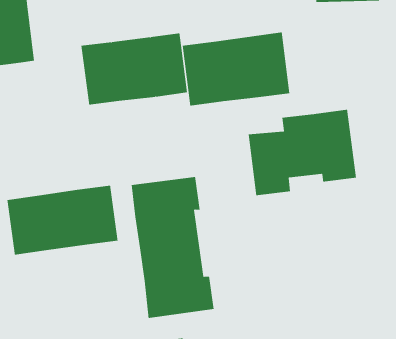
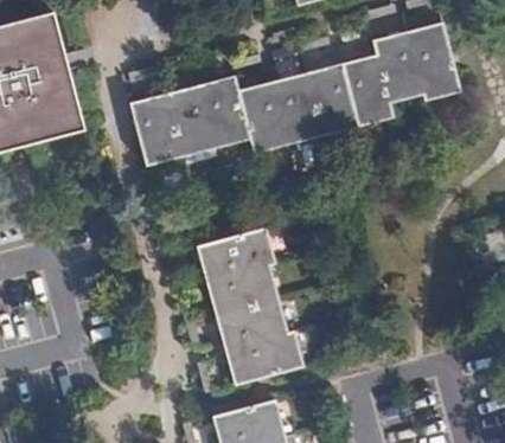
building: [248,109,357,196] -> [341,21,462,126]
building: [7,185,118,256] -> none

